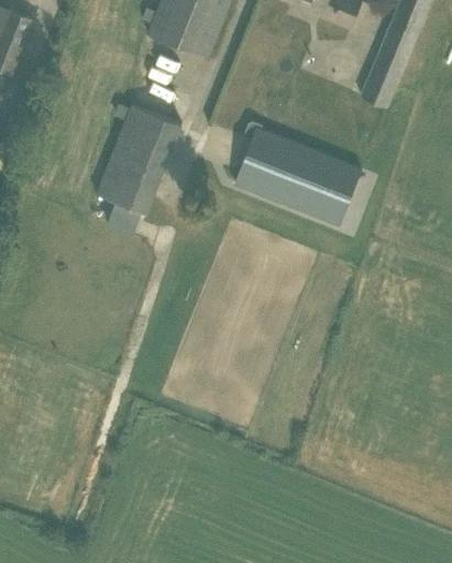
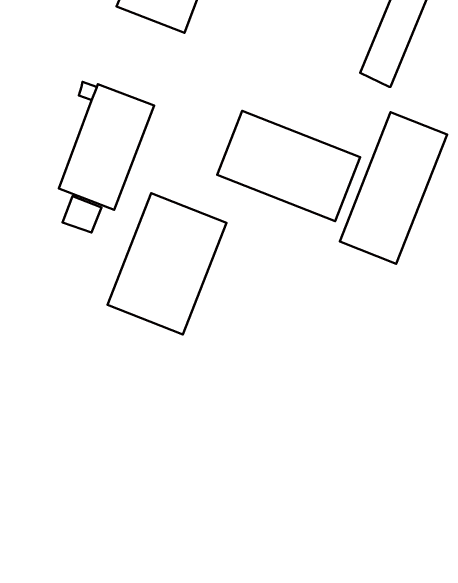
building: none -> [340,112,447,264]
building: none -> [107,193,227,335]

